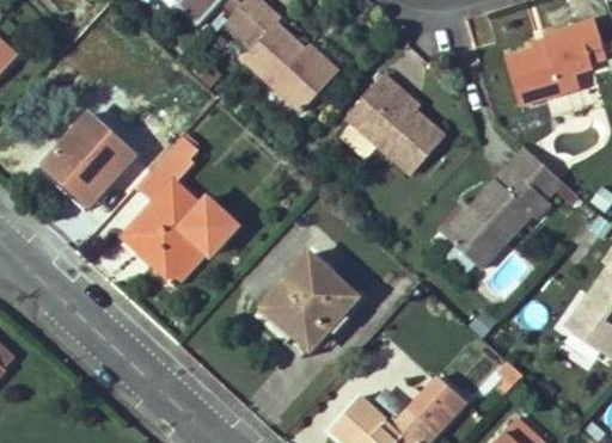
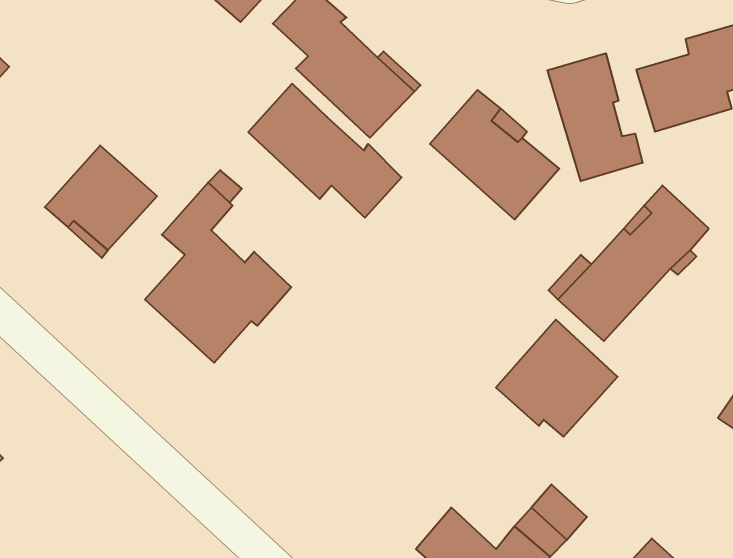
building: none -> [547,53,643,181]
building: none -> [248,84,402,218]
building: [262,253,356,344] -> [496,320,618,437]

